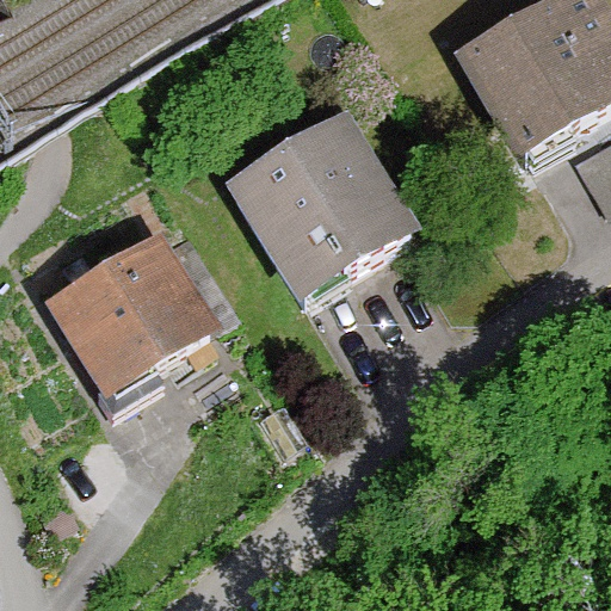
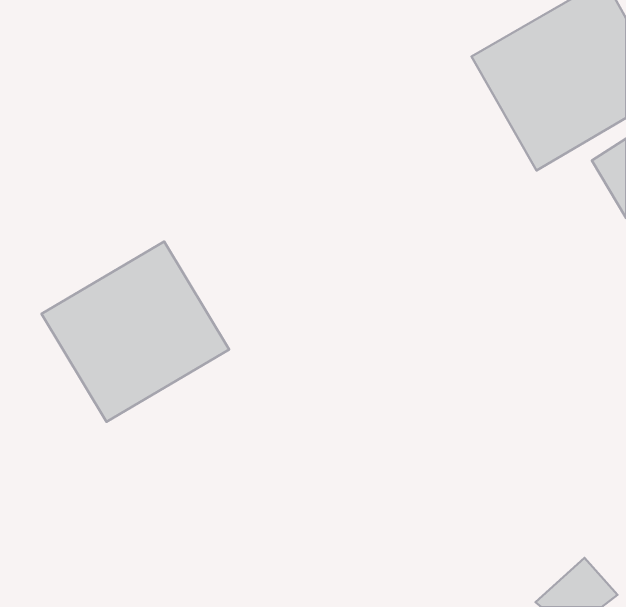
building: [228,115,420,308] -> none

